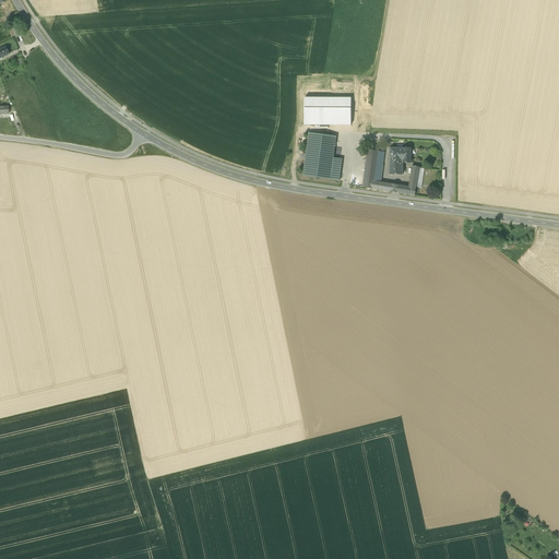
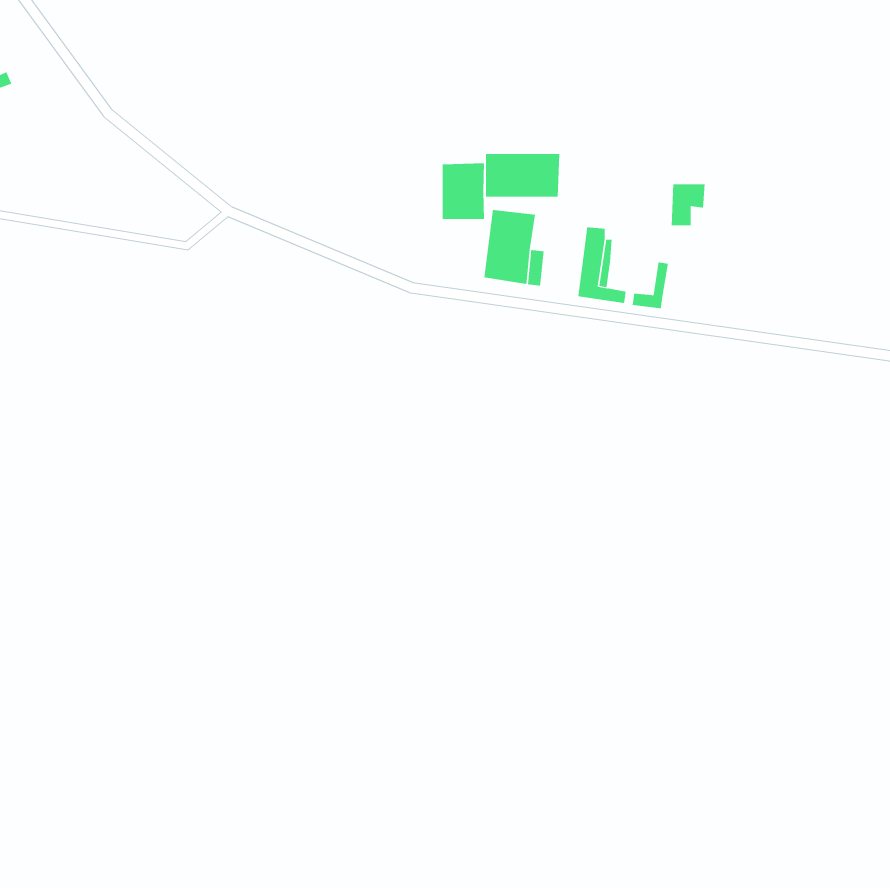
building: none -> [442,163,485,220]
building: [389,146,411,173] -> [671,184,706,226]

